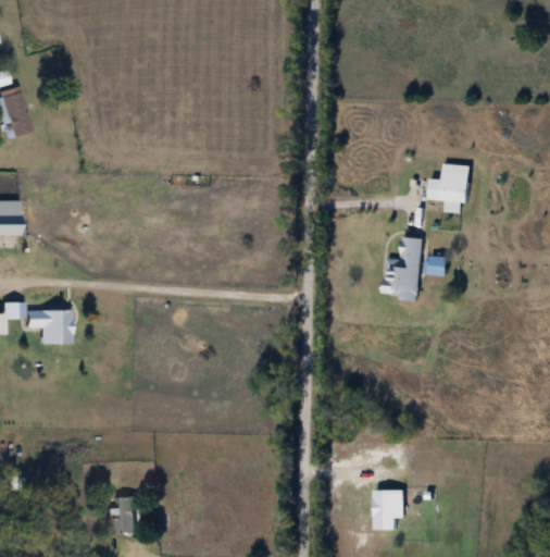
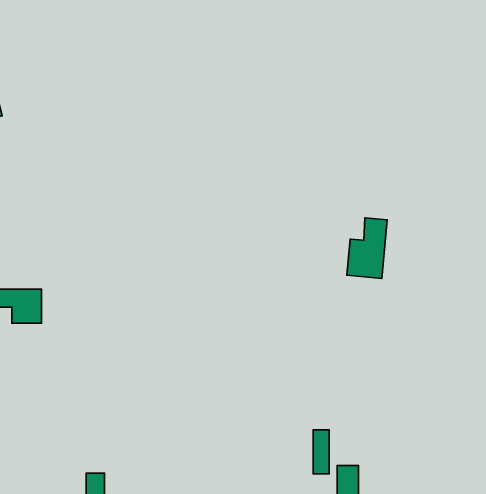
building: [428,163,470,201] -> none
building: none -> [313,430,329,474]

